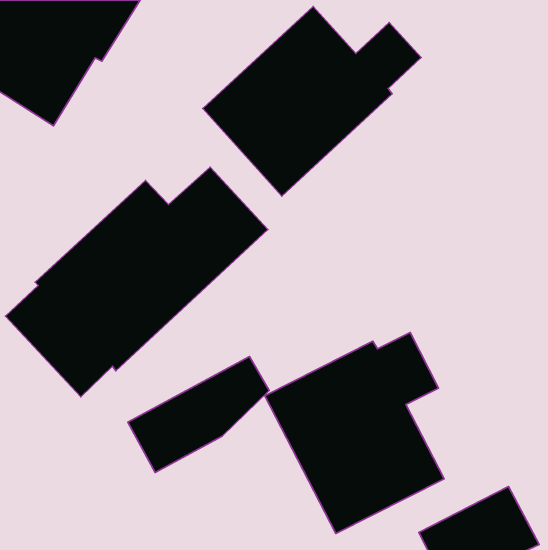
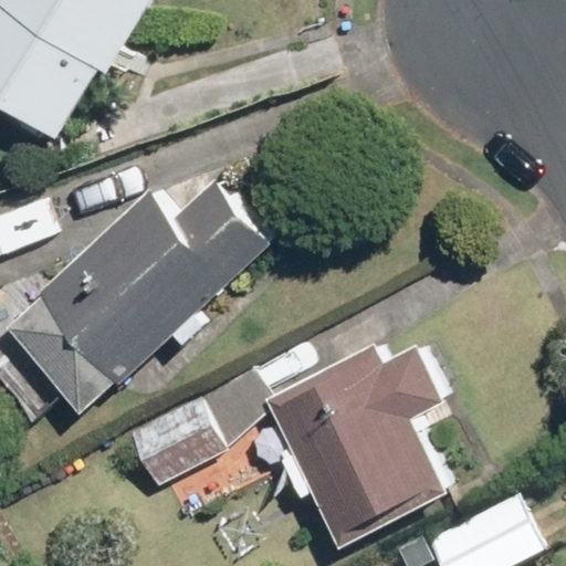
building: [203,6,421,196] -> none

